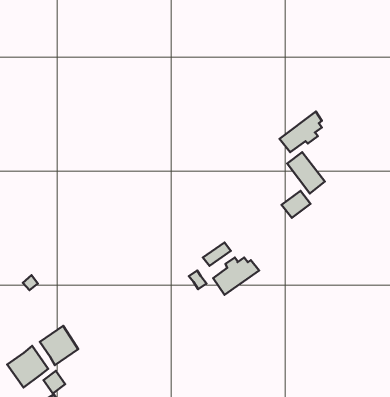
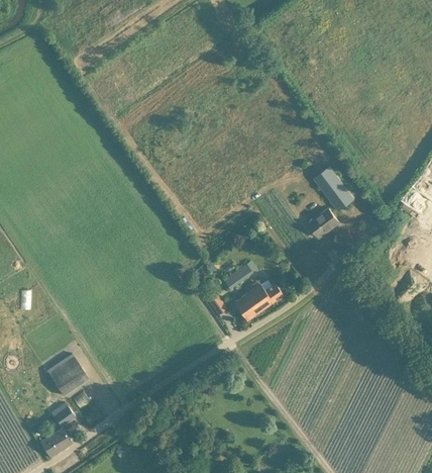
building: [280,111,322,152] -> none
building: [7,346,48,387] -> none

